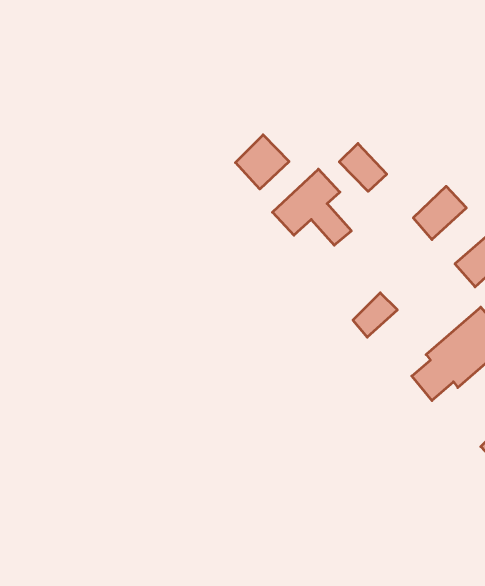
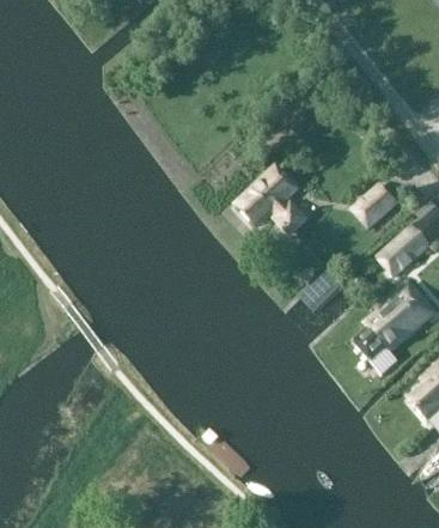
building: [235,135,289,189] -> none
building: [339,143,387,191] -> none

